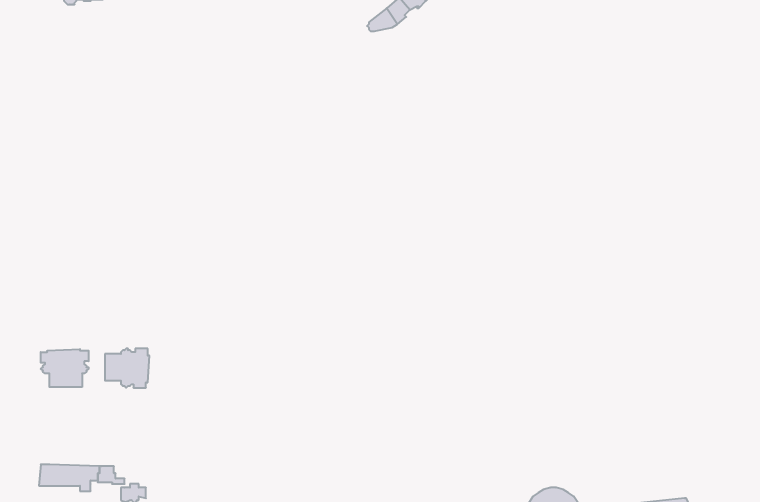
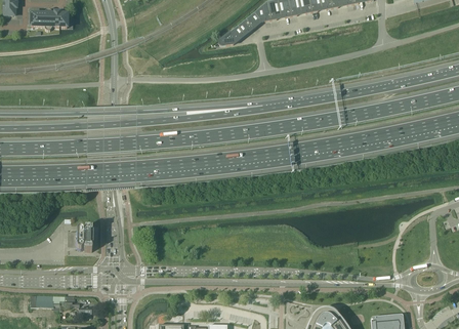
building: [41,349,89,387] -> none

